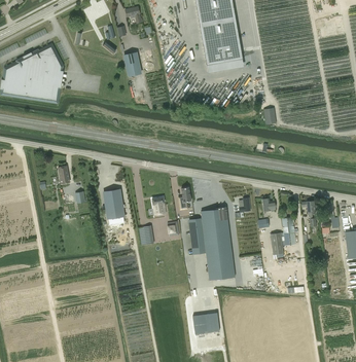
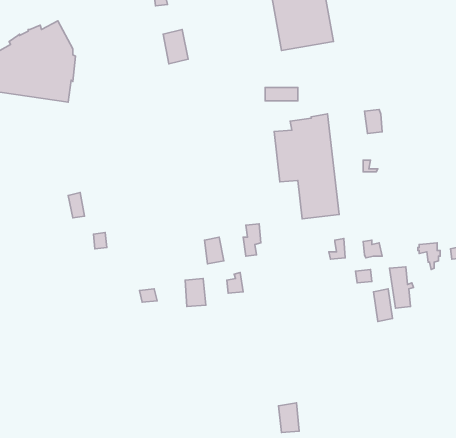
building: [104,189,123,217] -> none
building: [189,206,235,279] -> [274,114,339,219]

